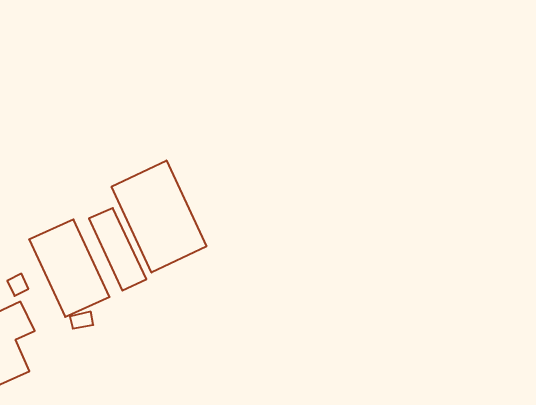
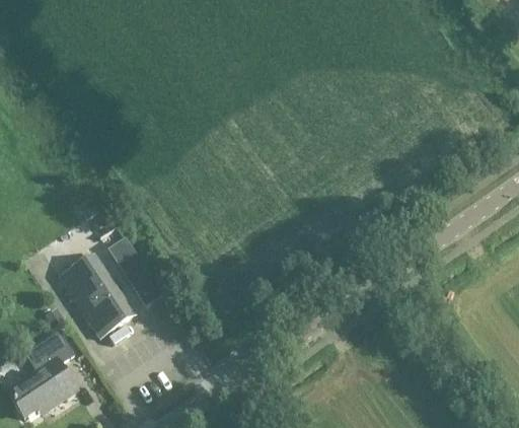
building: [112,160,206,273] -> none

